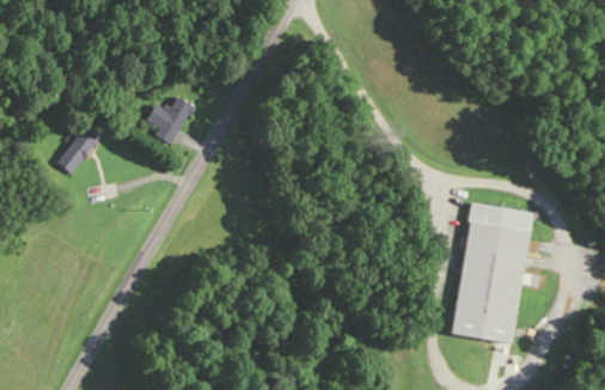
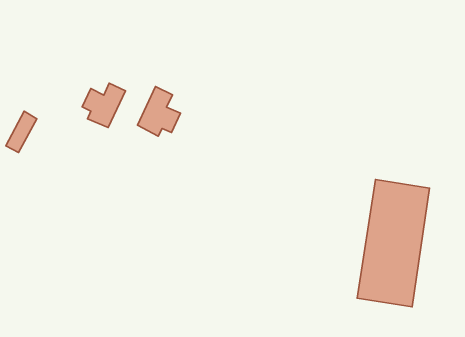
building: none -> [137,87,181,136]

